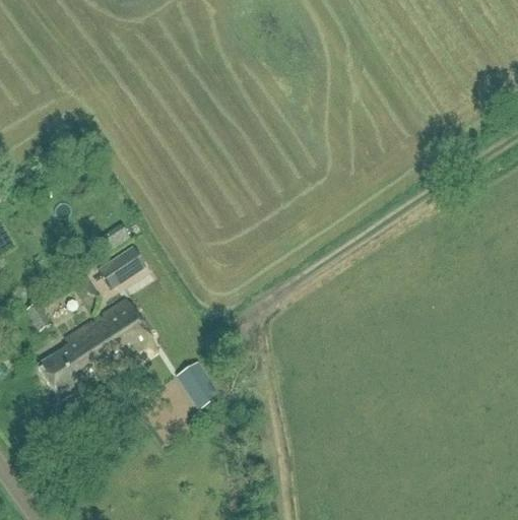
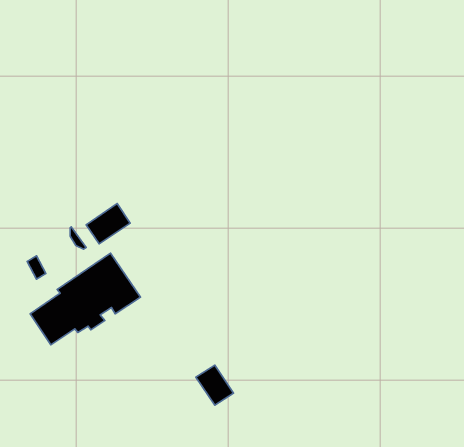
building: [178,361,218,404] -> [196,365,233,405]

